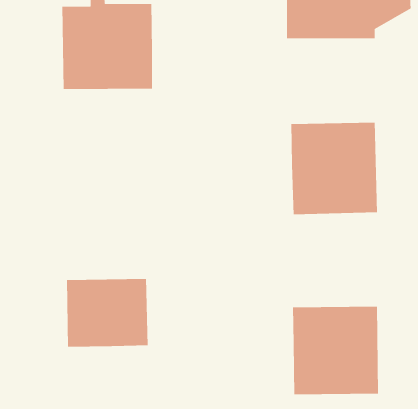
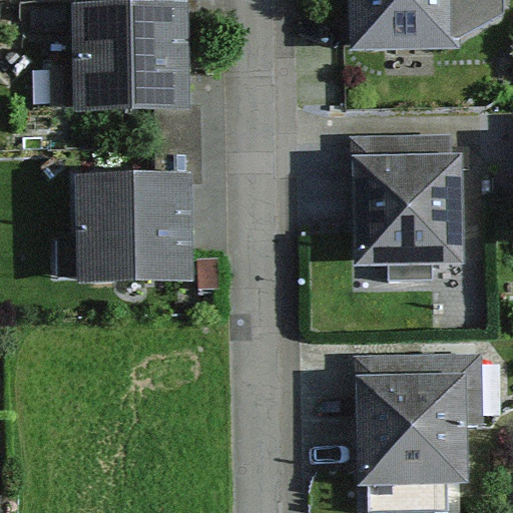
building: none -> [58,170,193,282]
building: [66,278,149,347] -> none

